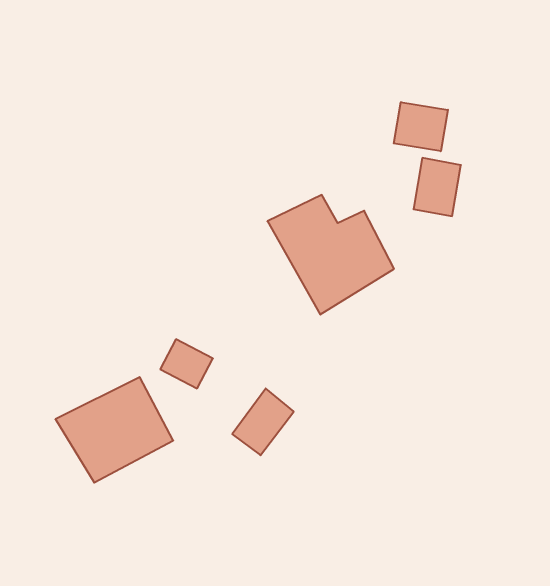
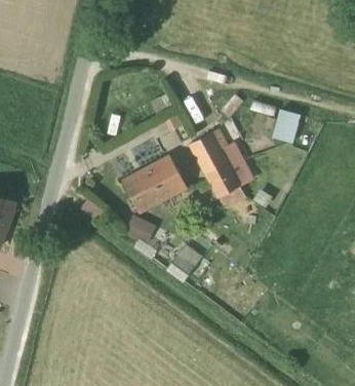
building: [394,102,448,151] -> none
building: [55,377,173,483] -> [119,154,188,216]

